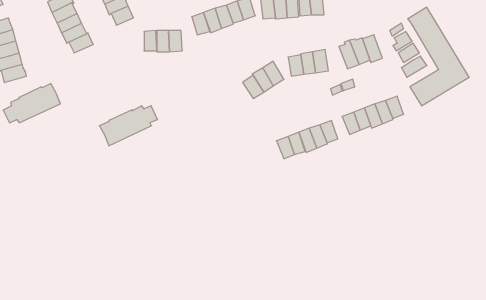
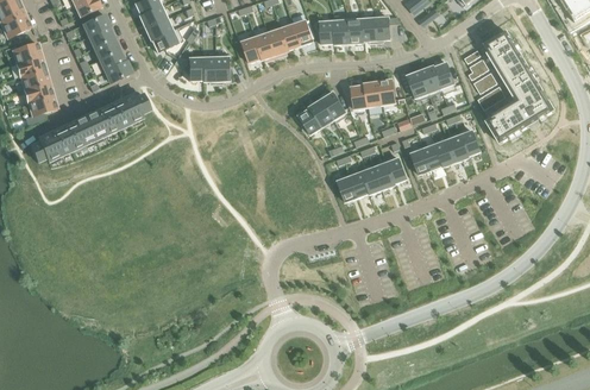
building: [99,106,158,146] -> [84,94,150,139]

